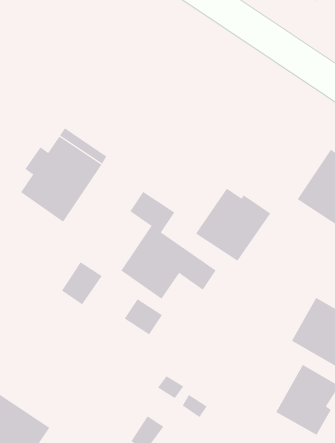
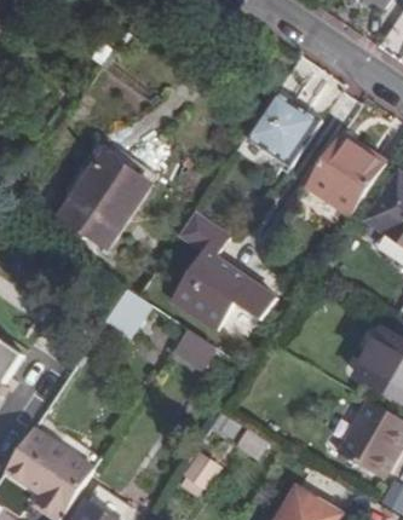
building: none -> [244,89,321,167]
building: [195,188,271,261] -> [305,135,387,215]

